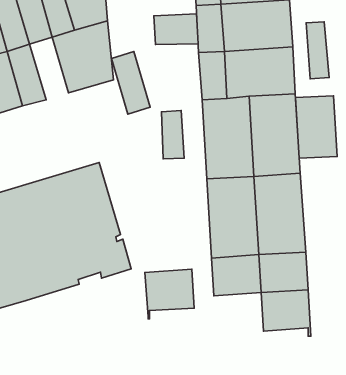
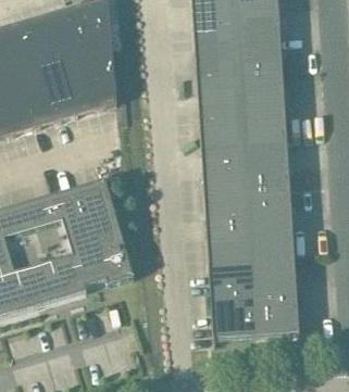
building: [154,14,198,44] -> none
building: [306,22,329,79] -> none
building: [111,51,150,114] -> [41,64,77,122]
building: [296,96,337,158] -> none
building: [162,111,184,159] -> none
building: [145,269,194,319] -> [211,299,257,344]

